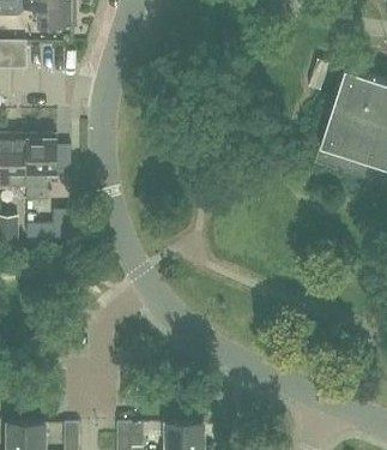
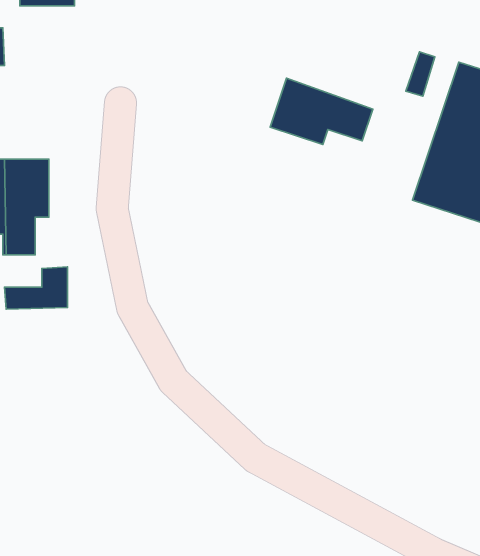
building: none -> [270,78,373,145]

